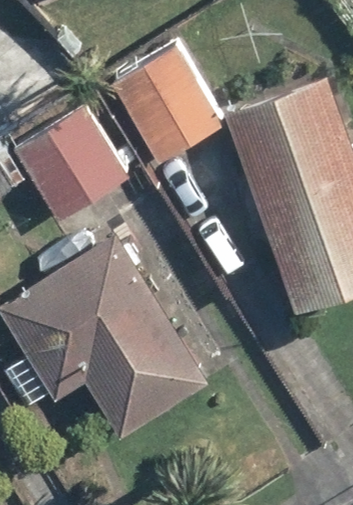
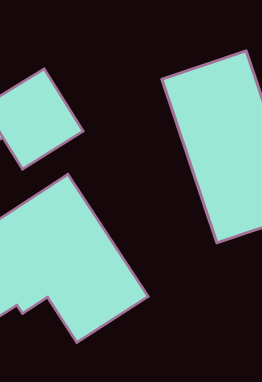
building: [110,45,226,167] -> none

